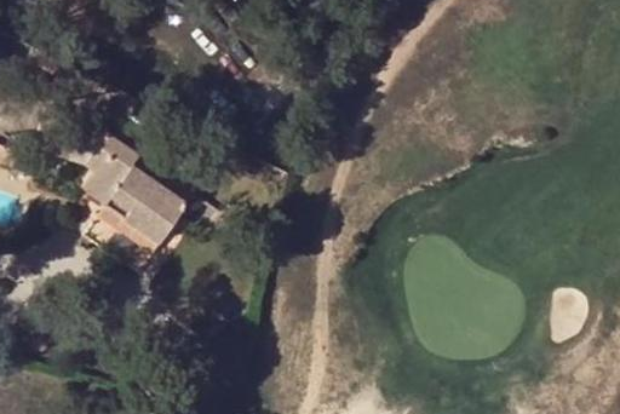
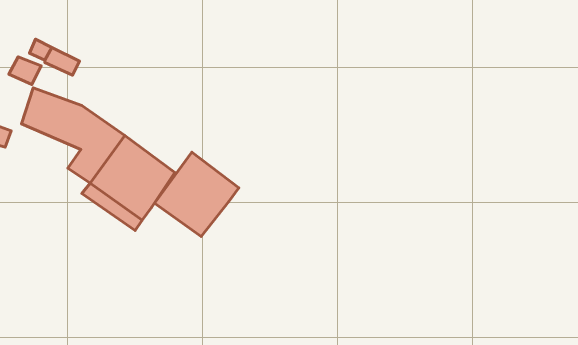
building: none -> [154,152,239,237]

